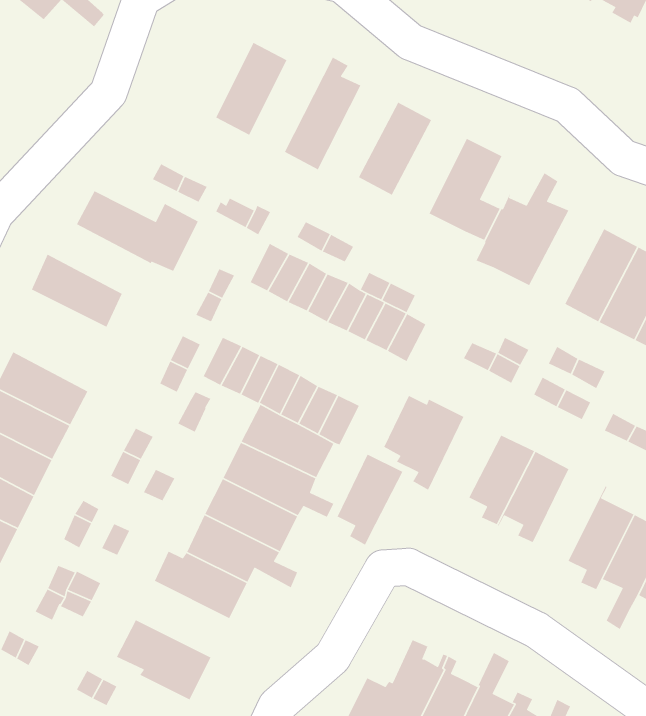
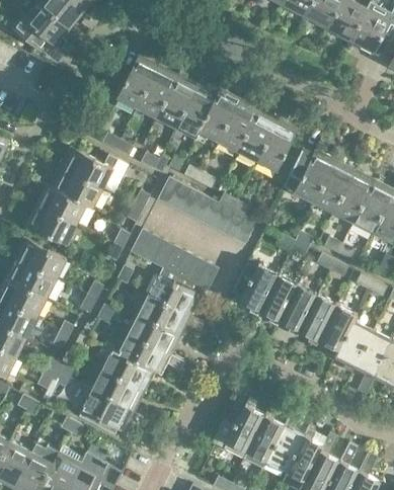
building: none -> [117,55,159,107]
building: none -> [157,73,204,127]
building: none -> [195,88,240,141]
building: none -> [237,108,279,161]
building: none -> [314,159,356,212]
building: none -> [44,167,102,209]
building: none -> [24,203,77,245]
building: [337,453,403,546] -> [260,274,298,326]
building: none -> [316,304,357,355]
building: none -> [93,366,146,409]

